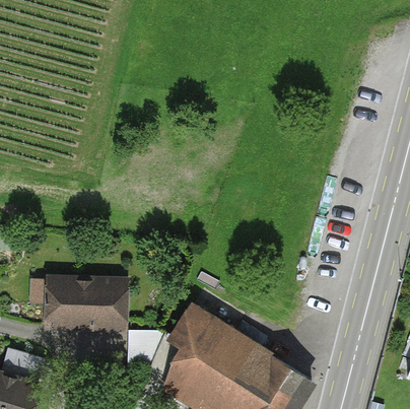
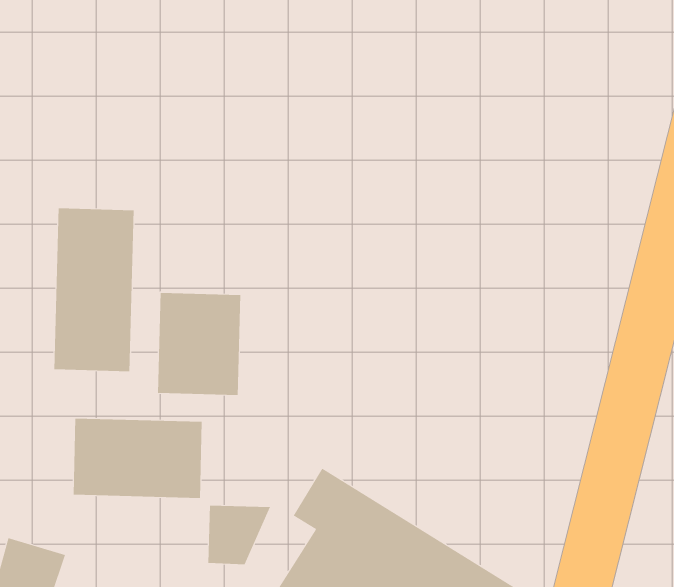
building: none -> [54,207,134,372]
building: none -> [158,292,241,396]

